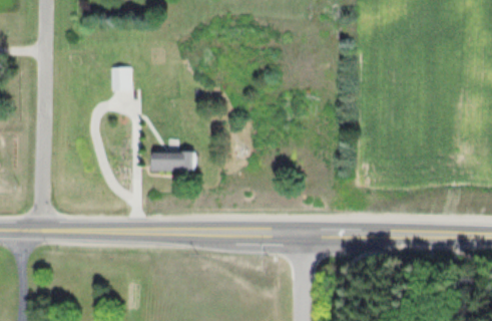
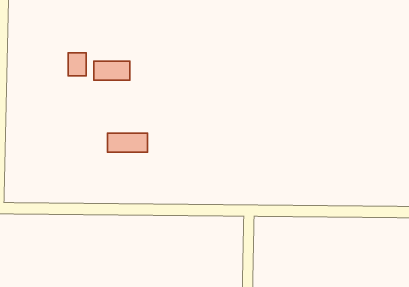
building: none -> [94,61,130,80]

